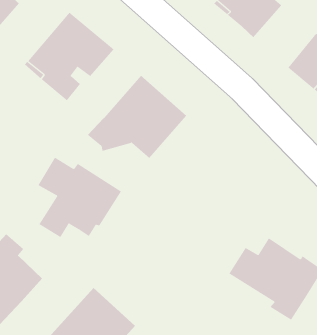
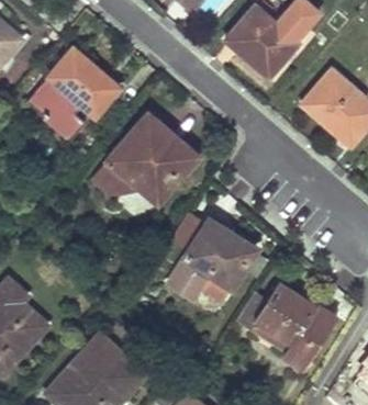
building: [38,157,122,238] -> [169,213,257,297]

